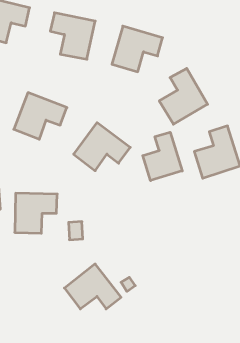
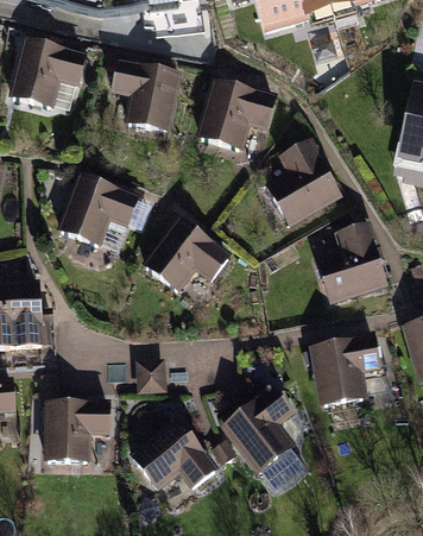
building: [143,132,182,181] -> none
building: [15,193,57,233] -> [48,402,108,459]
building: none -> [315,336,378,402]
building: none -> [226,386,304,487]

